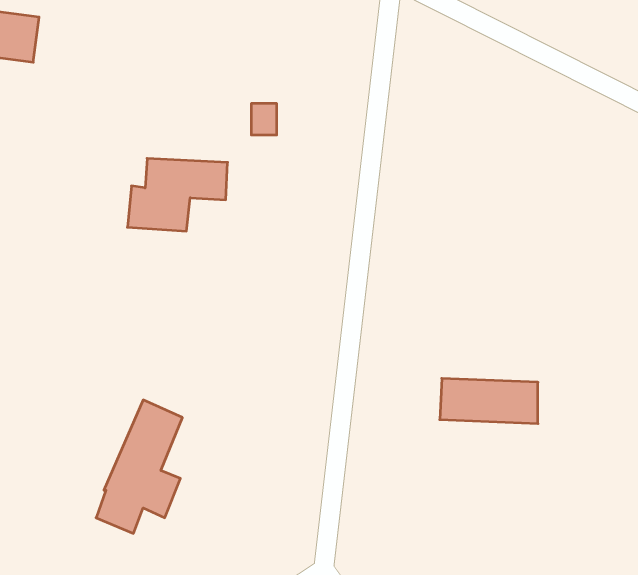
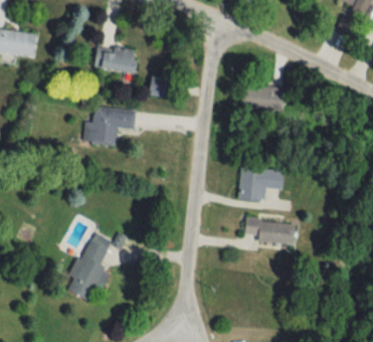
building: none -> [92,44,136,75]
building: none -> [241,87,277,110]
building: none -> [239,167,284,201]

